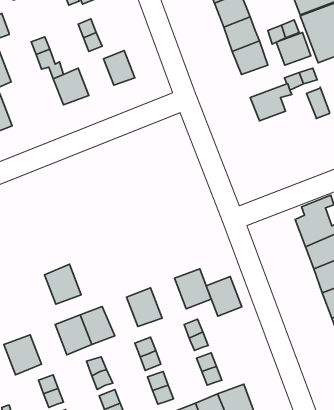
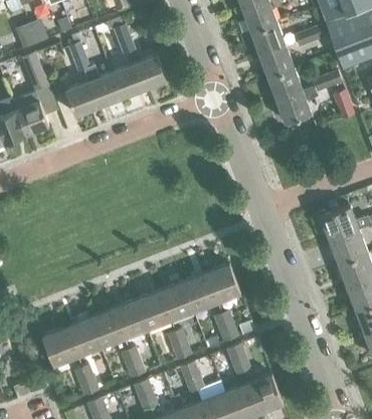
building: [276,33,311,65] -> [269,69,303,100]
building: none -> [113,63,147,98]
building: none -> [65,82,99,117]
building: [44,264,81,304] -> [66,318,102,356]
building: [206,276,242,316] -> [182,273,216,311]
building: none -> [136,291,170,329]

